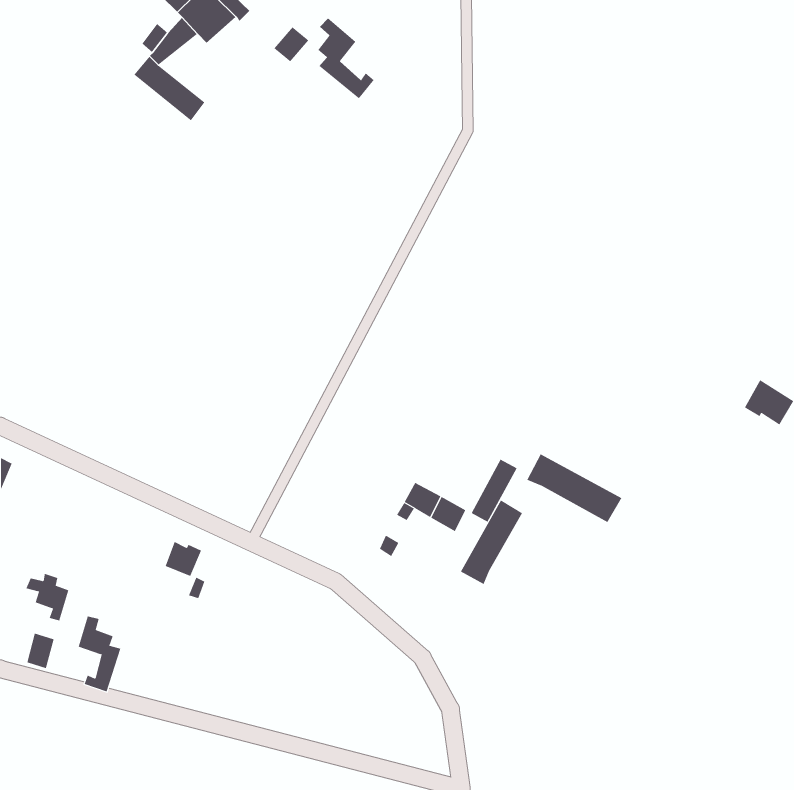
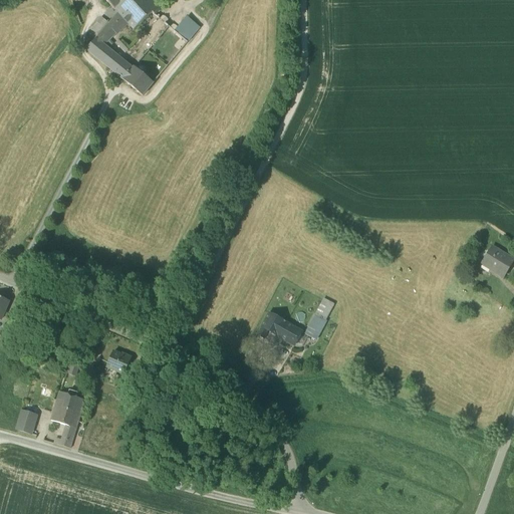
building: [318,17,375,99] -> none
building: none -> [123,65,153,94]
building: [526,454,622,523] -> none
building: [460,499,523,585] -> none
building: [26,573,69,621] -> [56,388,84,419]

